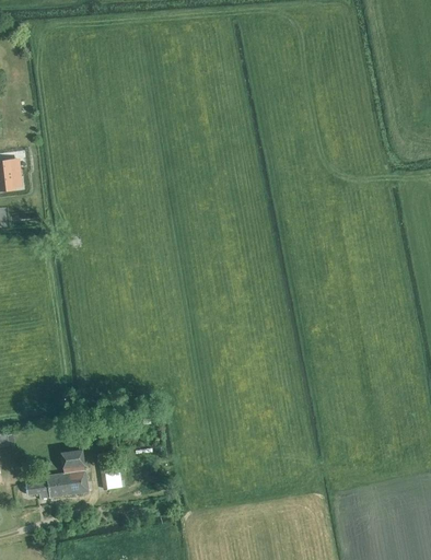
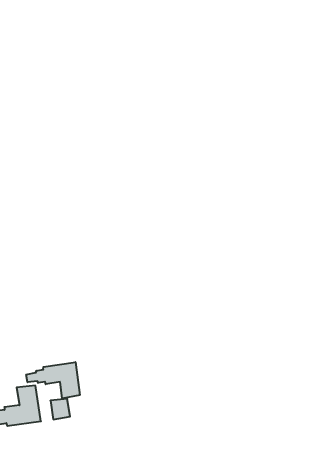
building: none -> [26,362,80,398]

